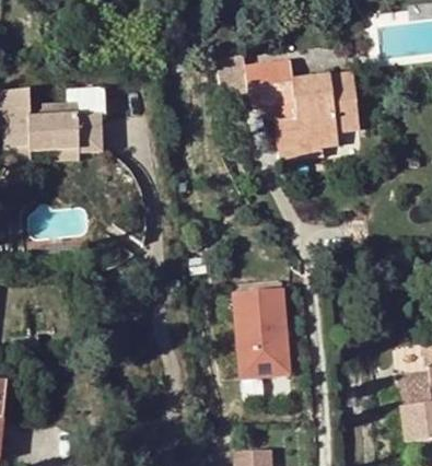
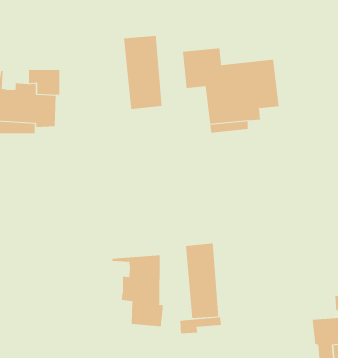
building: none -> [124,35,162,110]
building: none -> [112,254,163,327]

